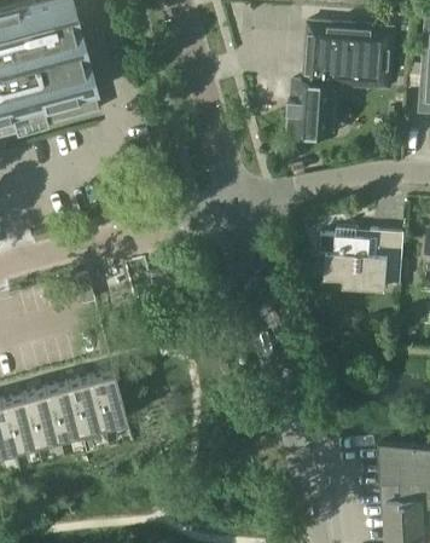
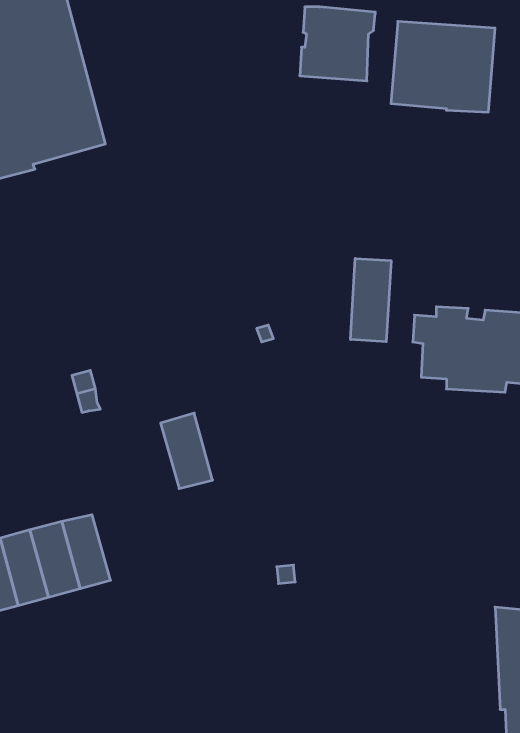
building: [290,82,344,135] -> [300,7,375,81]
building: none -> [351,258,391,342]
building: [89,371,127,426] -> [161,413,213,489]

